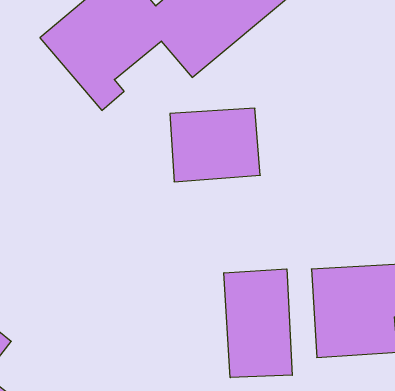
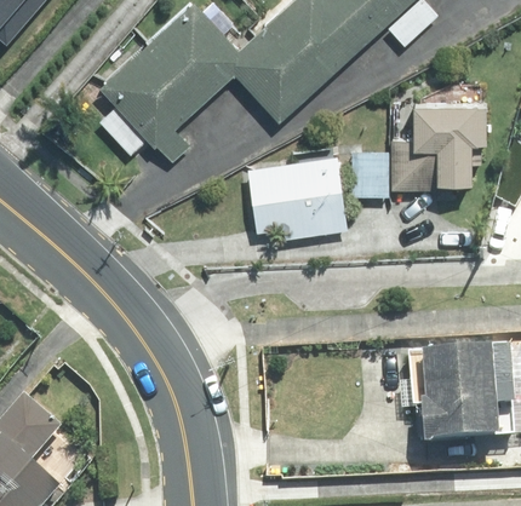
building: none -> [351,97,491,196]
building: [224,269,292,378] -> none

